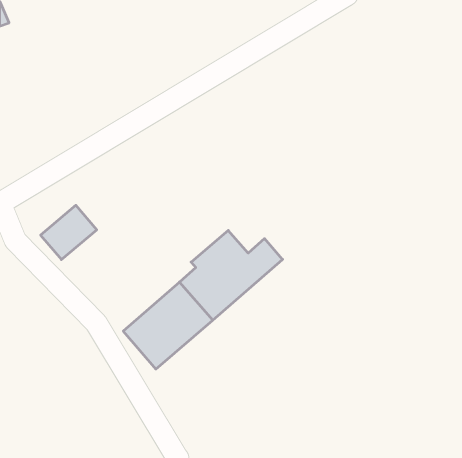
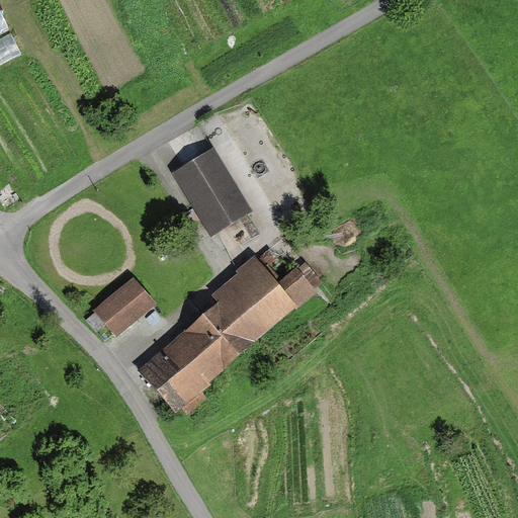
building: none -> [172,146,252,235]
building: [41,205,97,260] -> [93,275,156,336]

